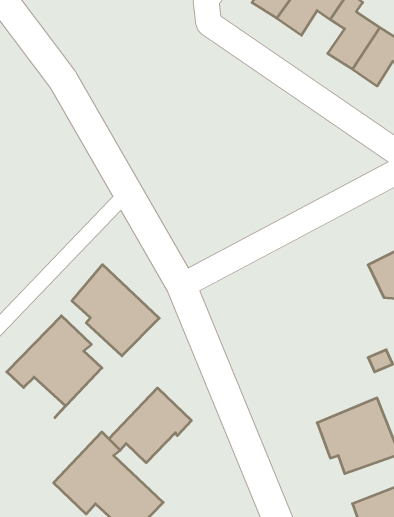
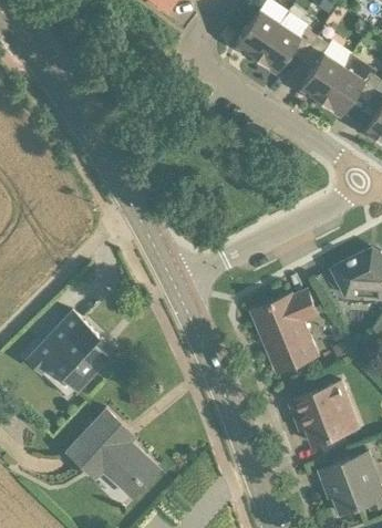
building: [72,265,159,356] -> none
building: none -> [252,290,319,373]
building: [109,388,191,463] -> none

